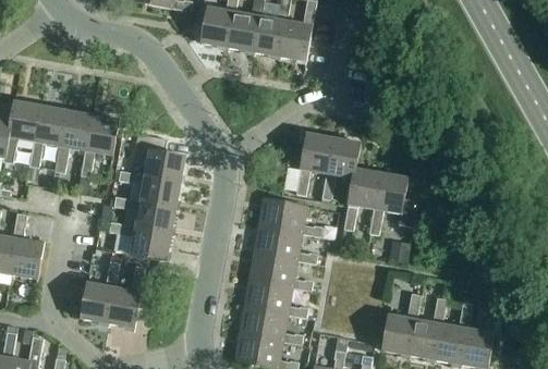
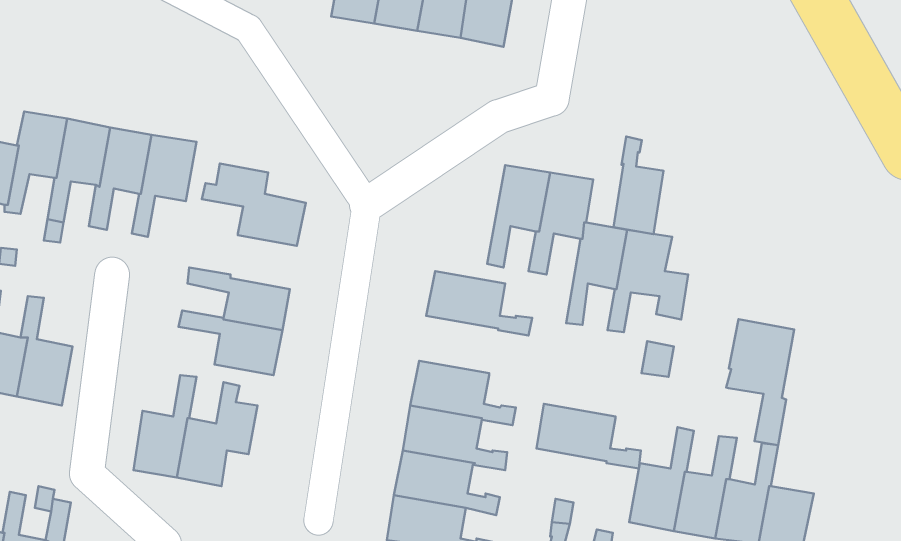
building: none -> [613,136,664,234]
building: [119,170,181,208] -> none
building: [255,224,318,263] -> [537,404,641,468]
building: none -> [726,319,794,445]

